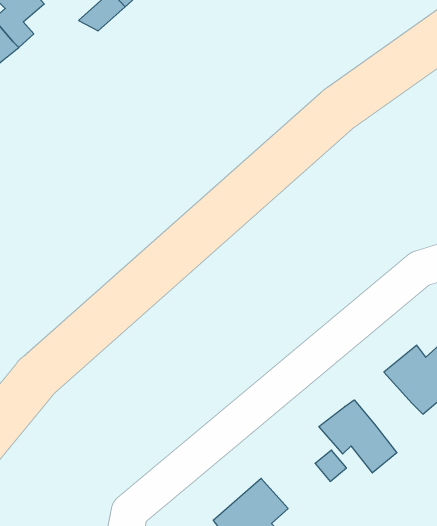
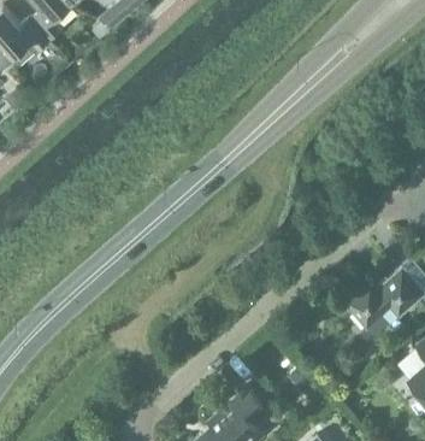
building: [319,400,397,473] -> none

